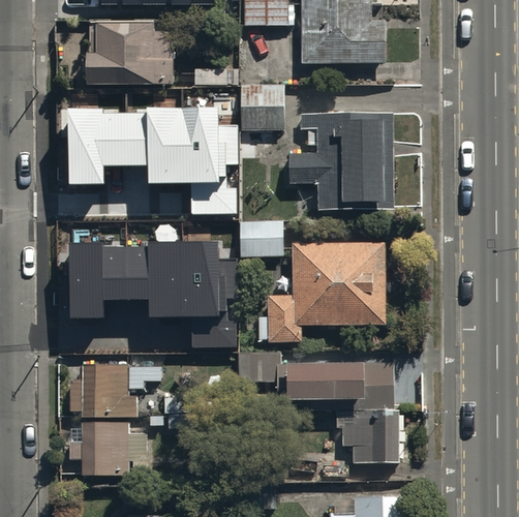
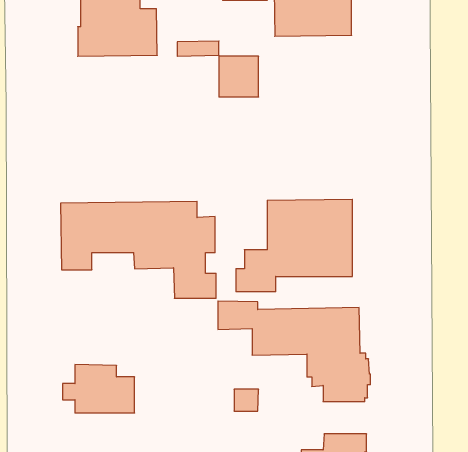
building: [68,109,238,214] -> none
building: [288,113,393,209] -> none
building: [241,220,283,255] -> none
building: [69,363,161,417] -> none

